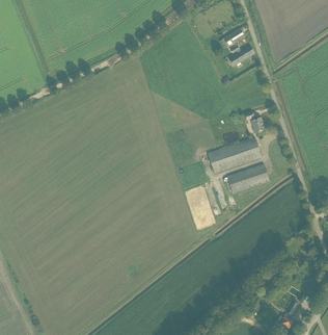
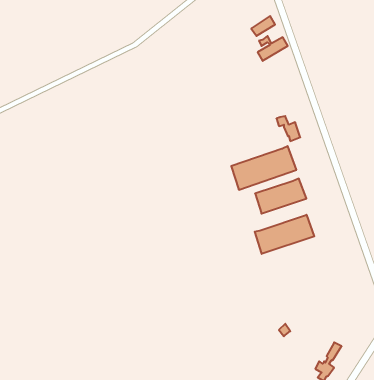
building: none -> [255,215,314,254]

